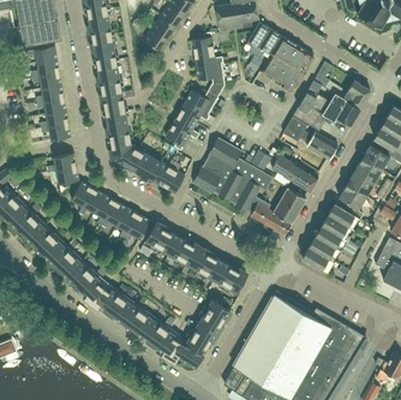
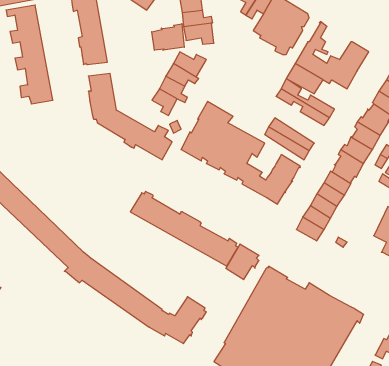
building: none -> [152,24,184,50]
building: [48,154,150,240] -> none
building: [199,299,231,333] -> [226,244,259,280]

